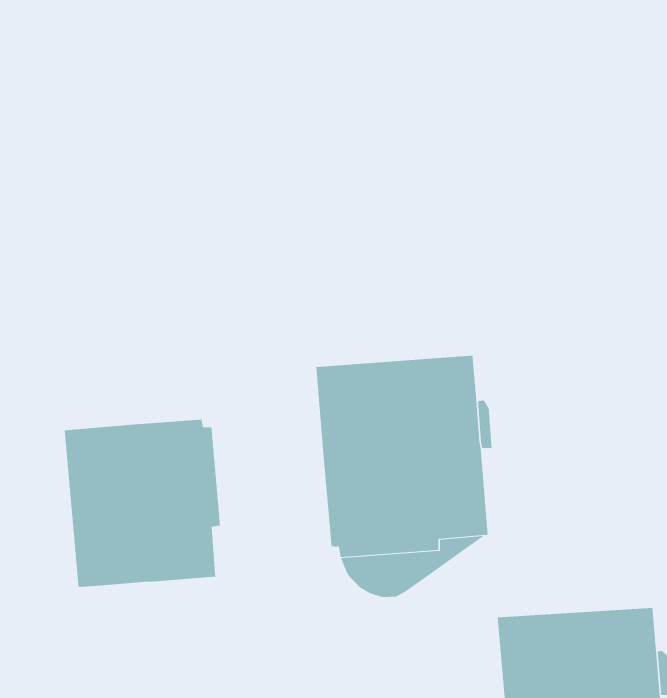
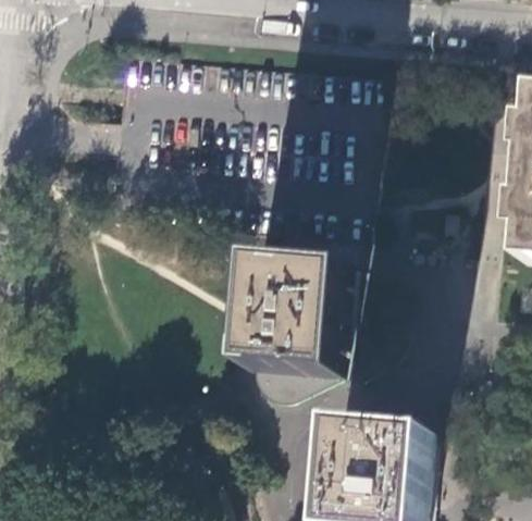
building: [64,419,220,588] -> none

